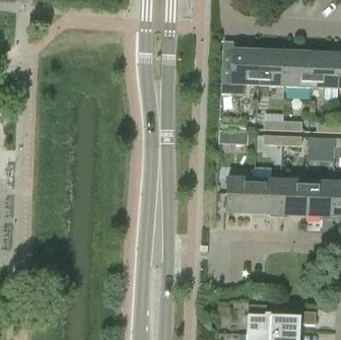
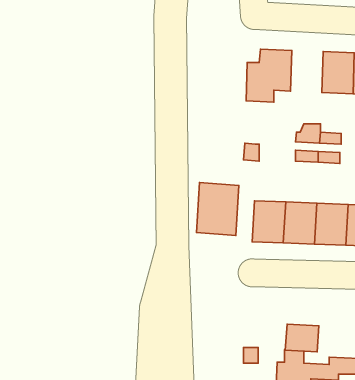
building: [258,51,285,86] -> none
building: none -> [197,182,239,236]
building: none -> [285,324,319,352]

